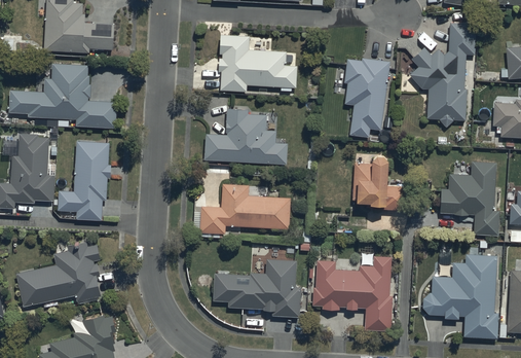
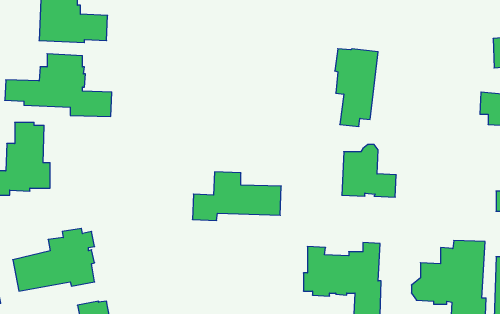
building: [409,24,476,128] -> none
building: [217,35,296,92] -> none
building: [203,110,288,164] -> none
building: [57,141,111,220] -> none
building: [440,160,498,235] -> none
building: [213,259,301,317] -> none

